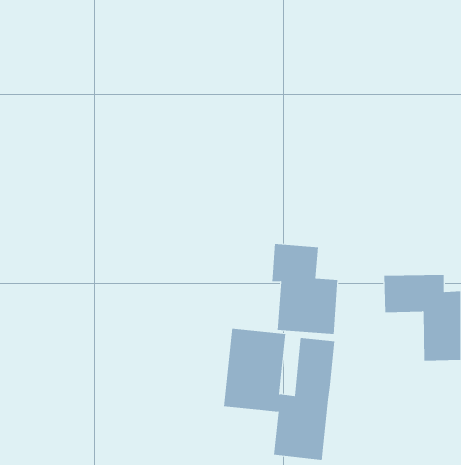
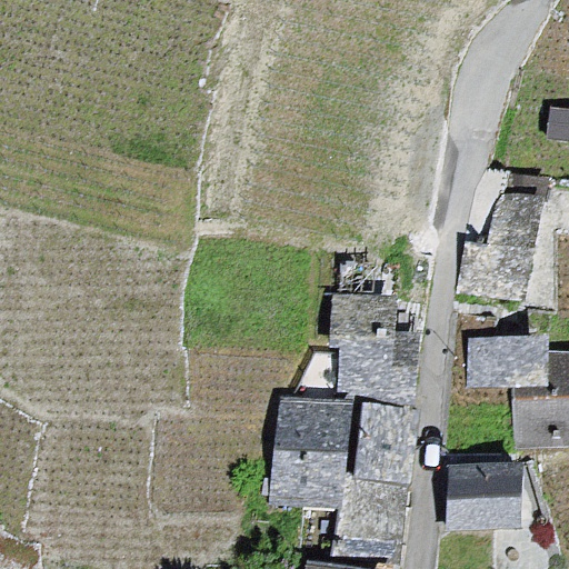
building: none -> [459,193,531,293]
building: none -> [449,471,520,528]

